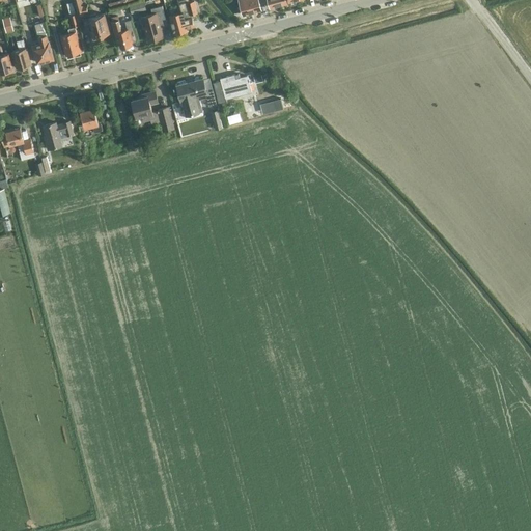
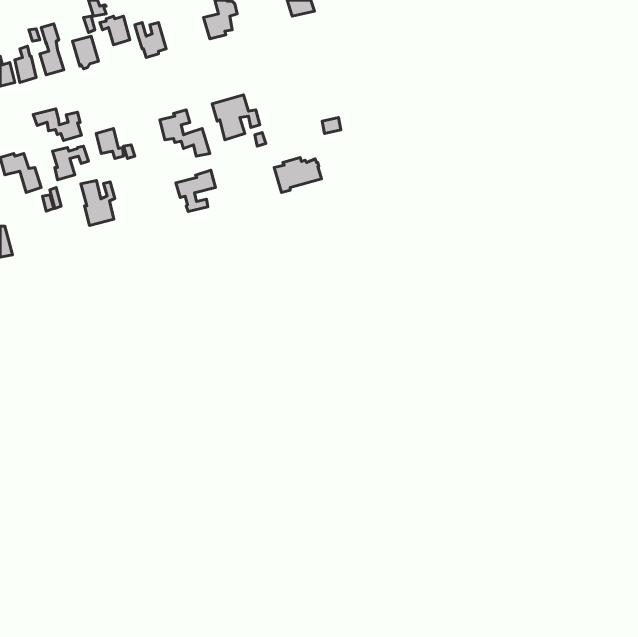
building: [139,5,166,40] -> none
building: [213,75,252,104] -> [274,158,321,193]
building: none -> [33,109,81,140]
building: none -> [176,170,215,212]
building: none -> [81,180,115,225]

